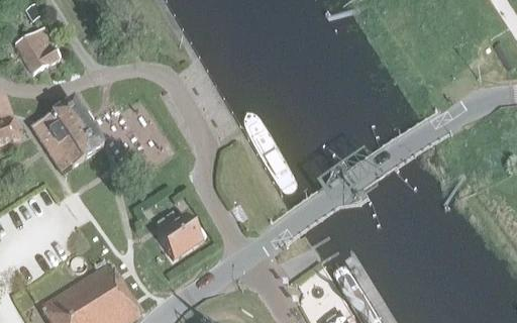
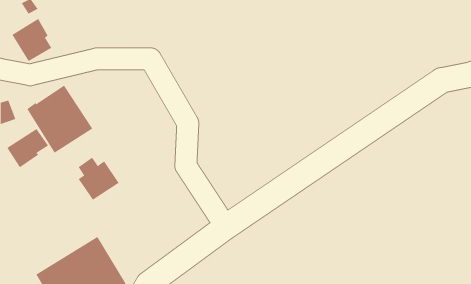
building: none -> [7,128,49,168]
building: [157,211,202,258] -> [78,157,119,200]

